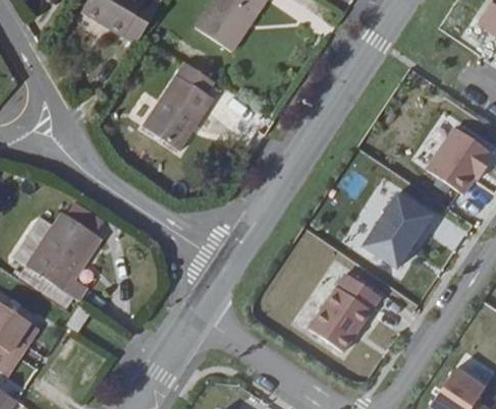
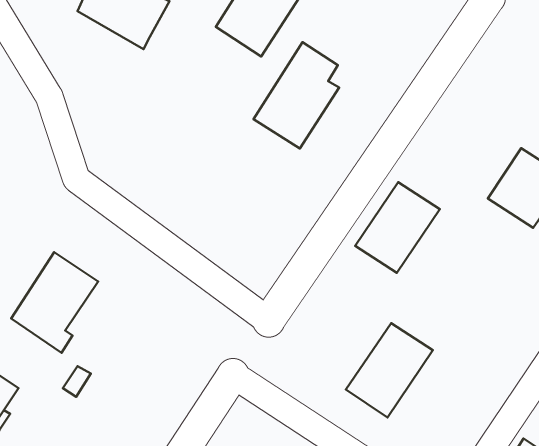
building: [141,59,212,148] -> [253,42,339,149]
building: [356,190,427,266] -> [355,182,440,273]

